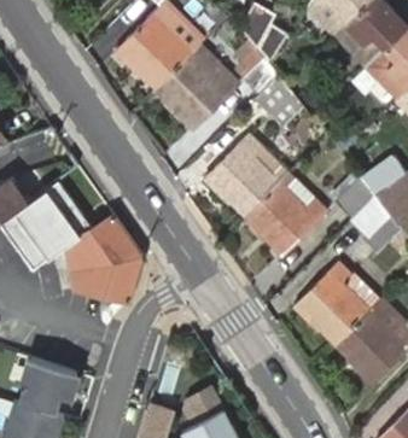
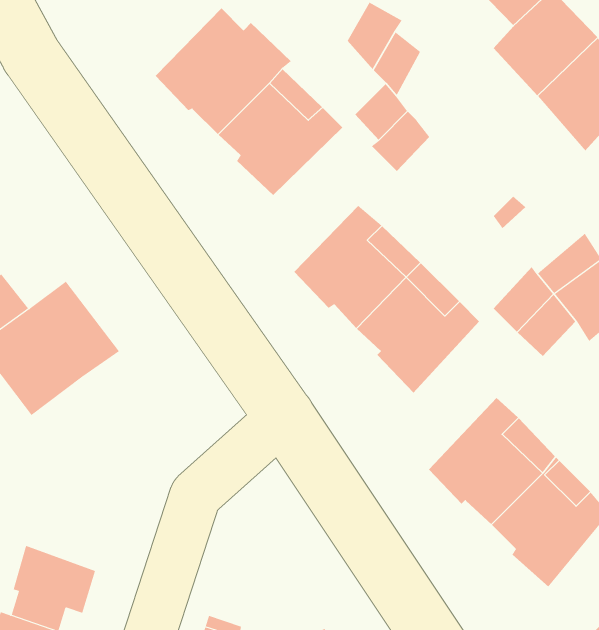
building: [68,216,142,303] -> none

